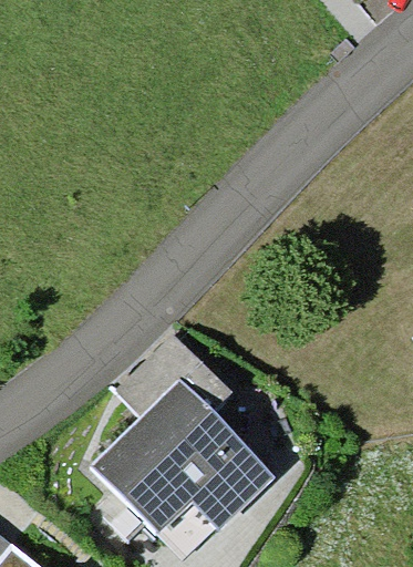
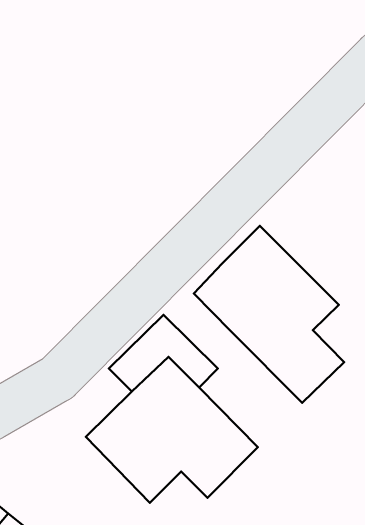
building: none -> [194,226,344,403]

